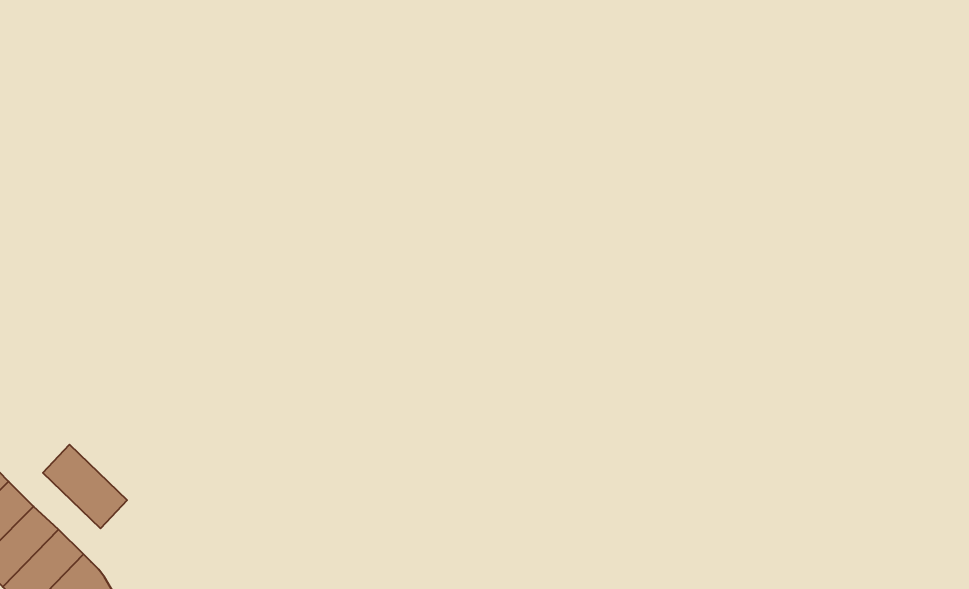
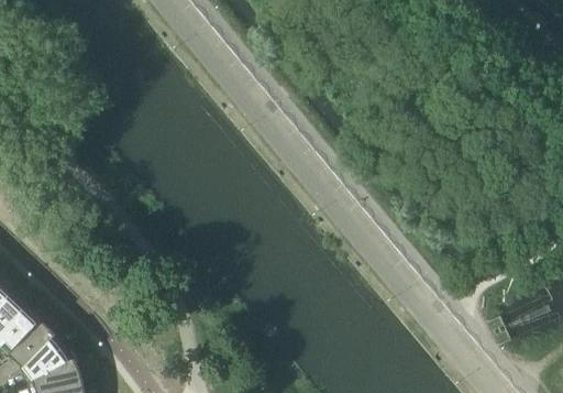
building: [43,445,127,528] -> none

